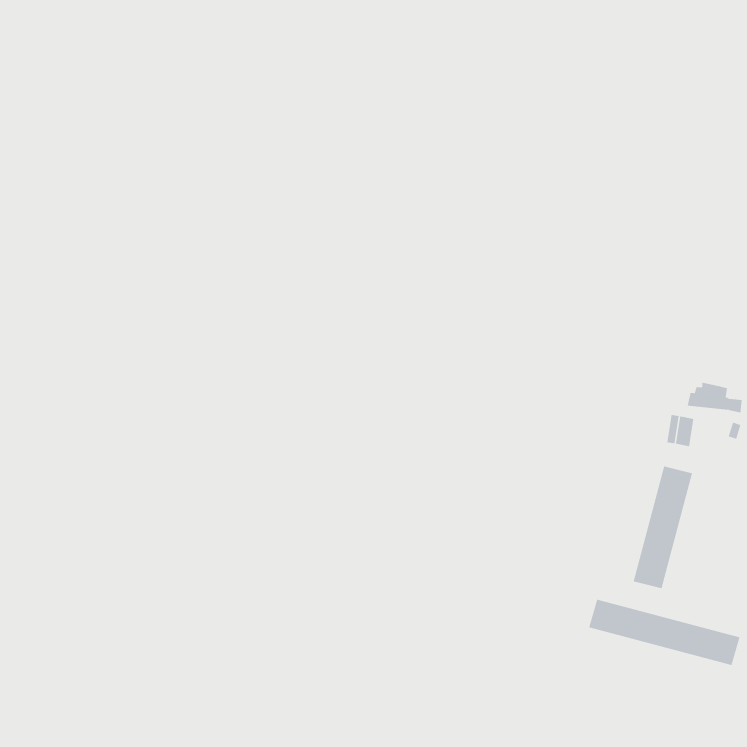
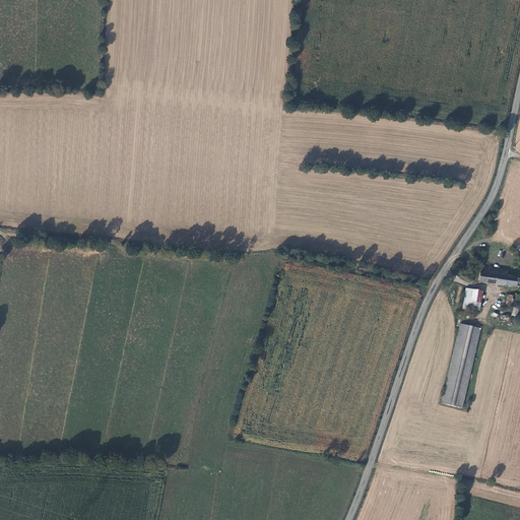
building: [589,599,740,666] -> none

